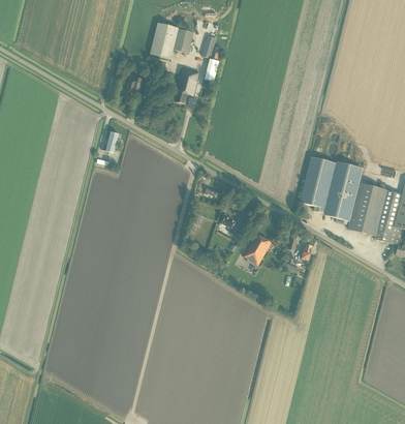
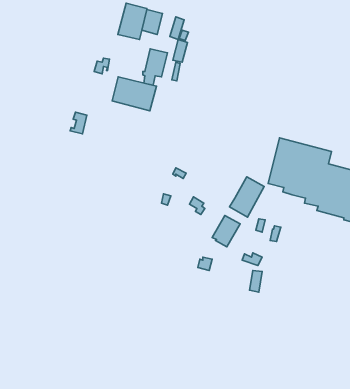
building: none -> [112,77,156,111]
building: none -> [230,177,264,217]

